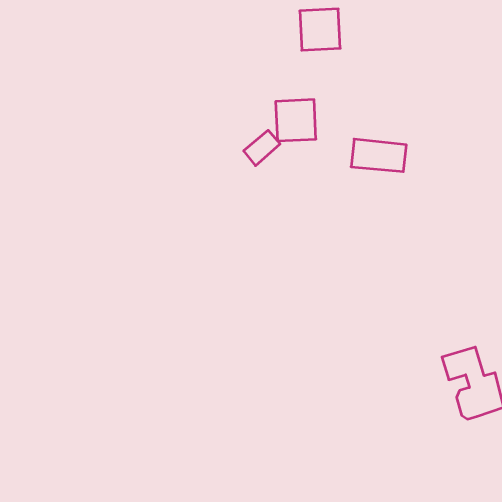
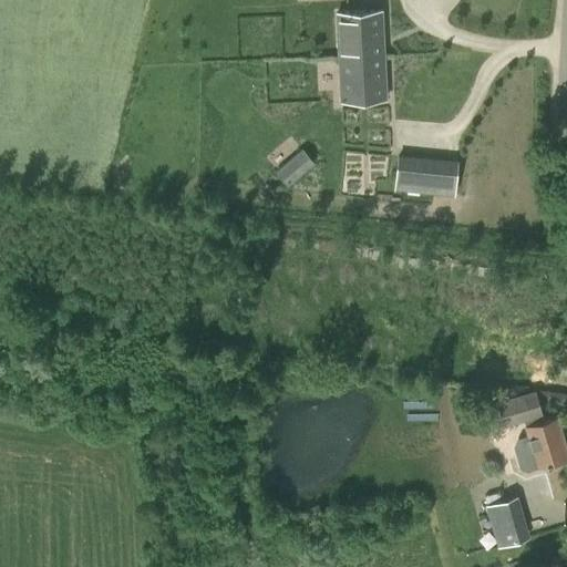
building: [276,100,316,141] -> [341,56,386,103]
building: none -> [489,501,527,547]

